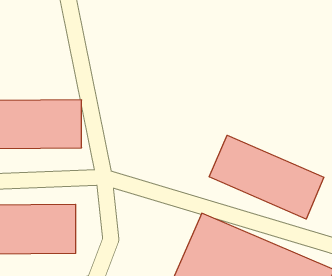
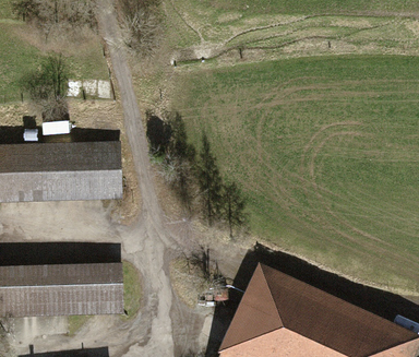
building: [209,135,324,219] -> none

